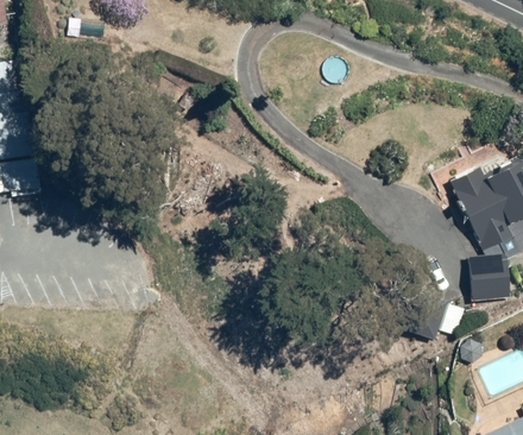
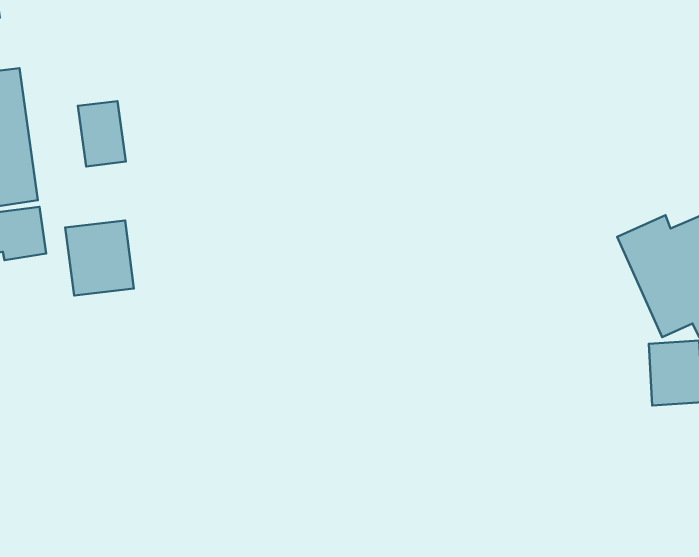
building: none -> [78,101,126,166]
building: none -> [65,220,134,295]

